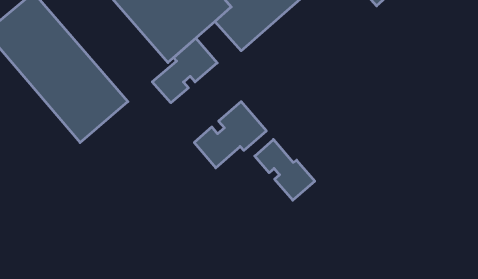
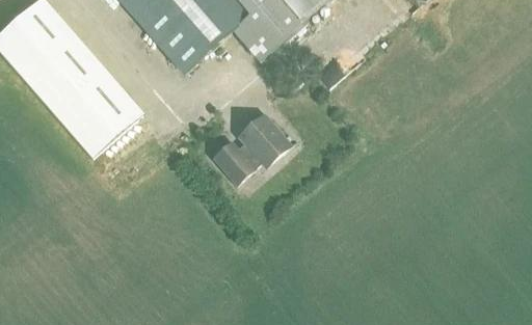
building: [152,38,217,103] -> none
building: [255,139,315,200] -> none

